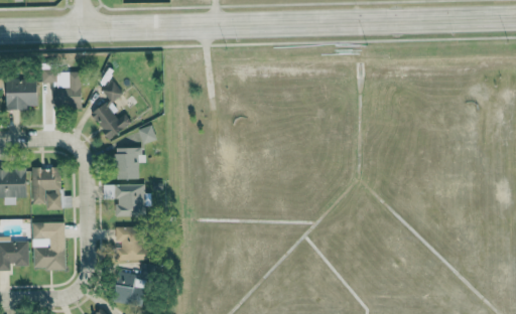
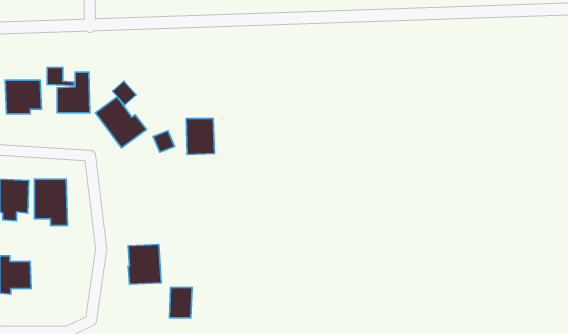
building: [114,148,139,180] -> [186,118,214,155]
building: [102,184,144,216] -> none
building: [31,222,64,270] -> none
building: [119,275,139,302] -> [170,288,192,318]

